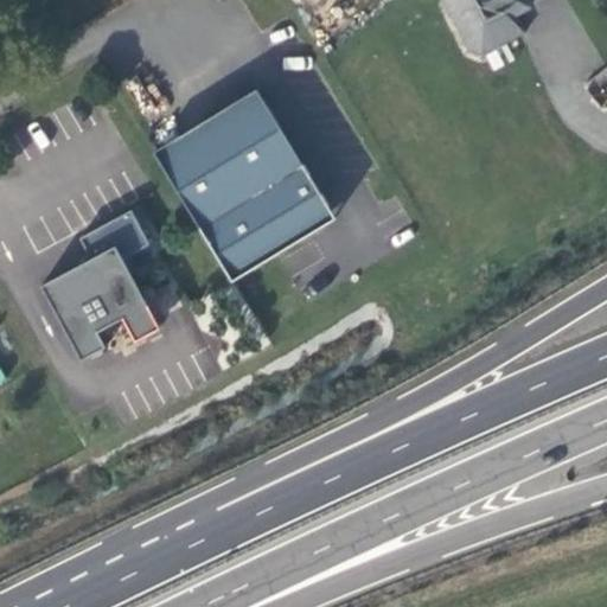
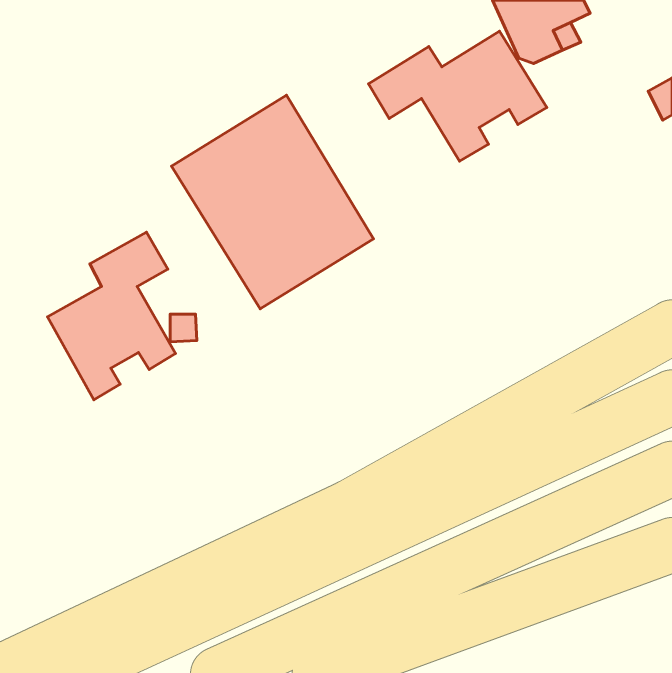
building: none -> [368,31,547,161]

